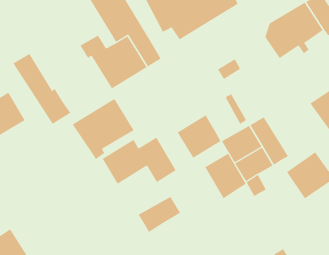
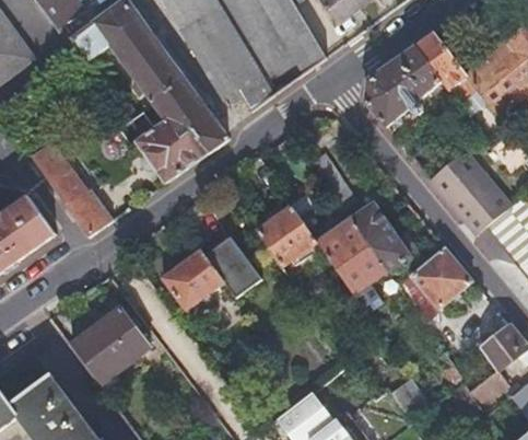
building: [72,98,135,160] -> [64,306,149,391]
building: [204,153,247,199] -> none
building: [138,196,181,233] -> none

